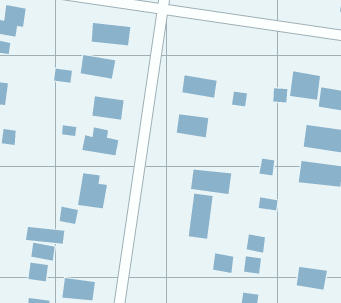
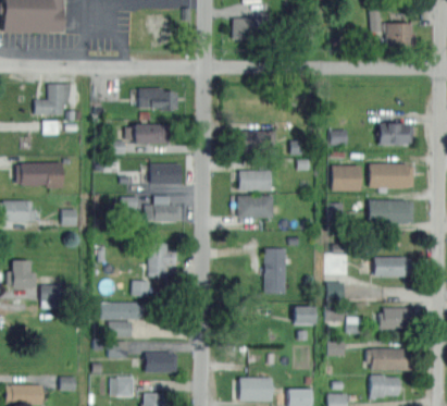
building: [289,71,321,100] -> [331,164,360,190]
building: [190,169,232,194] -> [233,195,273,217]
building: none -> [374,256,405,275]

